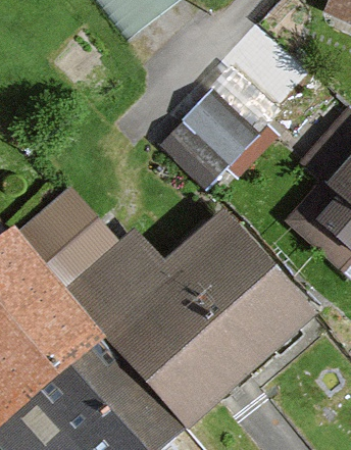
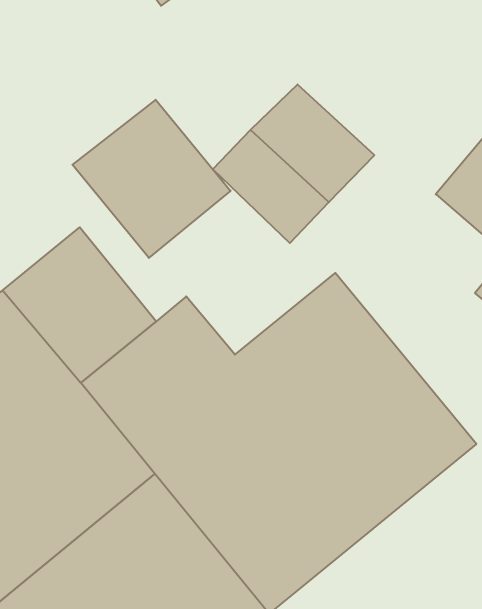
building: none -> [72,100,231,258]

